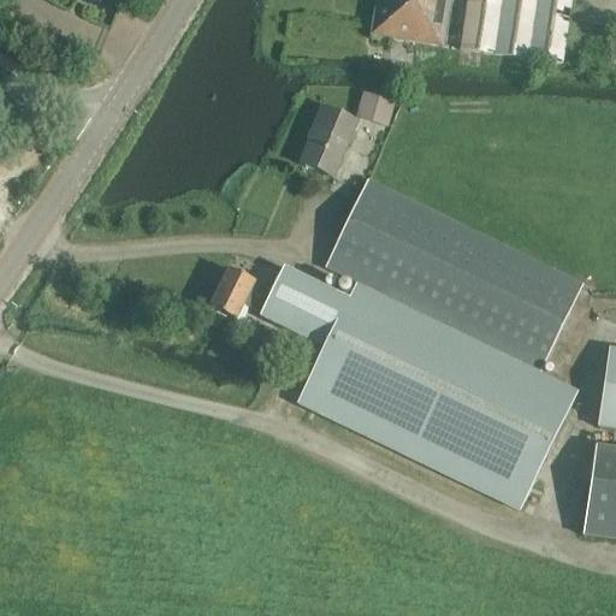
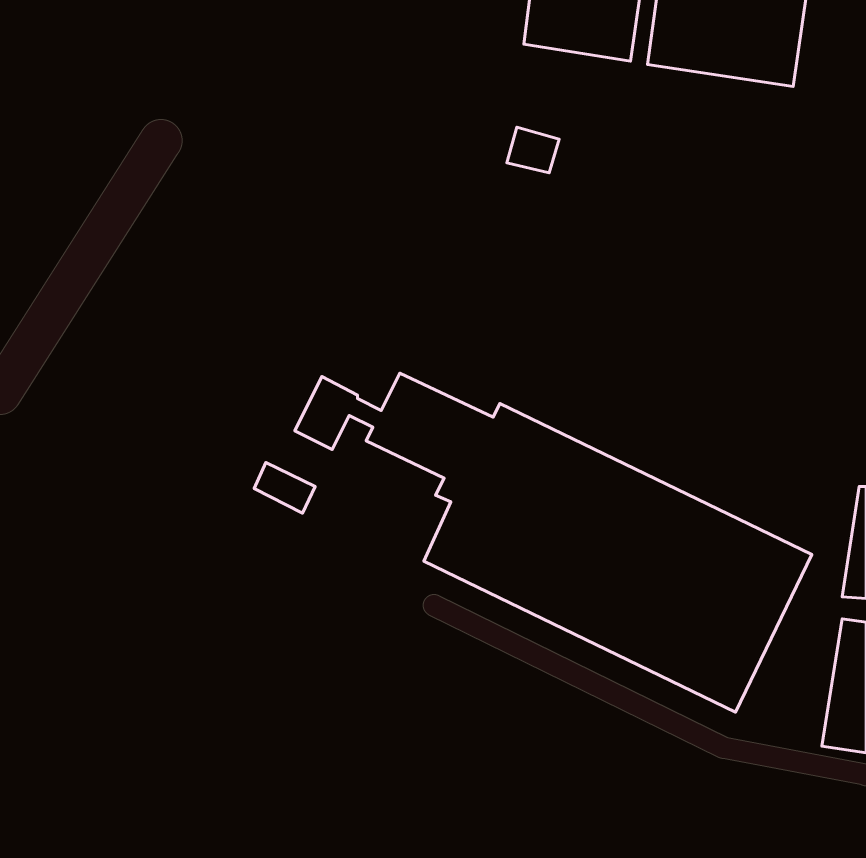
building: [300,103,357,174] -> none
building: [325,177,582,369] -> none
building: none -> [254,463,315,513]

